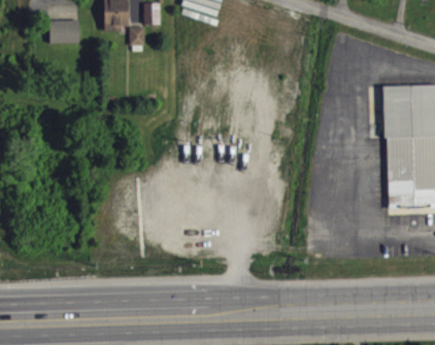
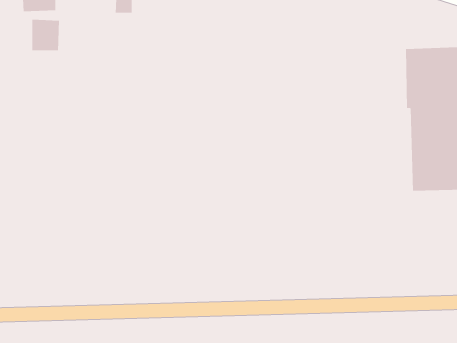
building: none -> [32,19,60,51]

